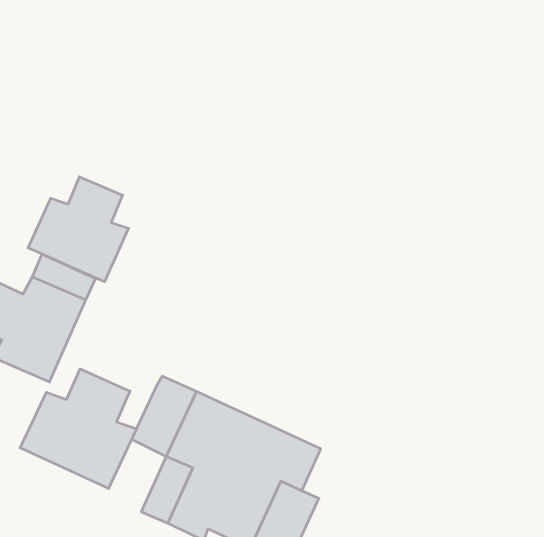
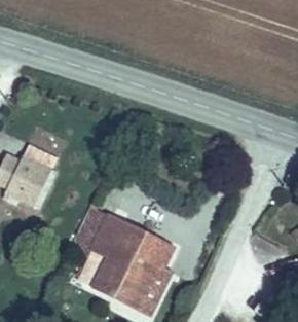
building: [28,177,129,282] -> none
building: [20,369,136,489] -> none

